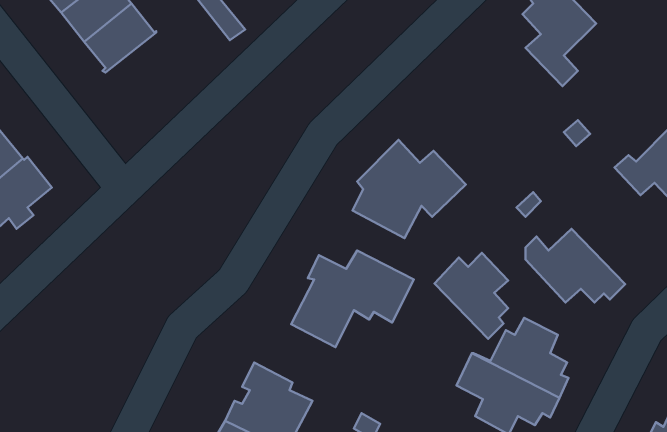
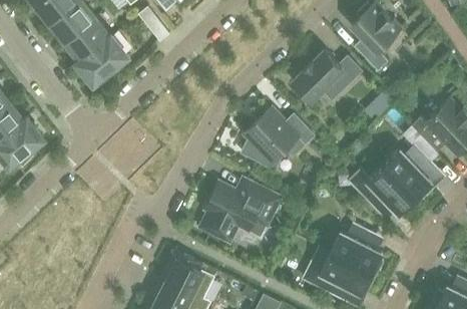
building: none -> [78,36,127,82]
building: none -> [292,50,360,100]
building: [434,253,508,339] -> [383,144,431,201]

